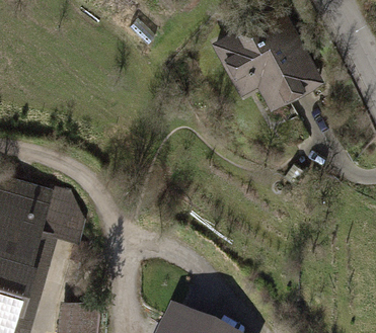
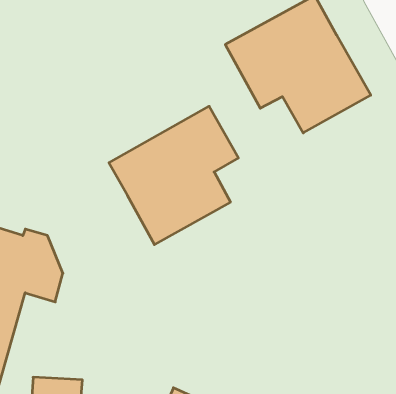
building: none -> [109,106,238,245]

